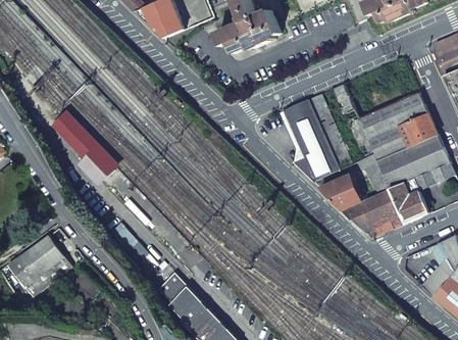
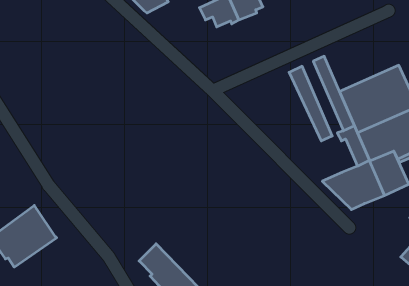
building: [283,98,340,180] -> none
building: [55,112,115,181] -> none
building: [318,174,361,208] -> none

